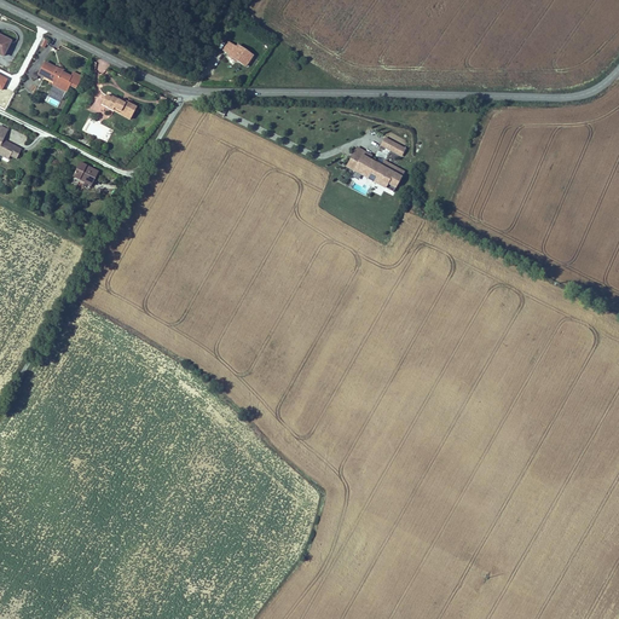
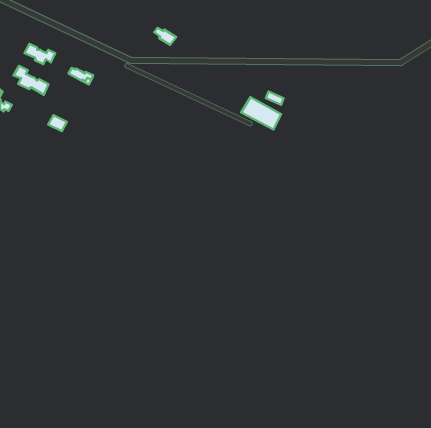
building: none -> [14,66,49,95]

